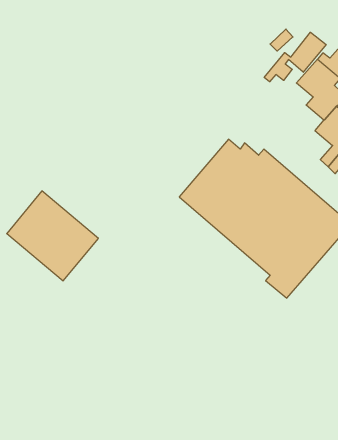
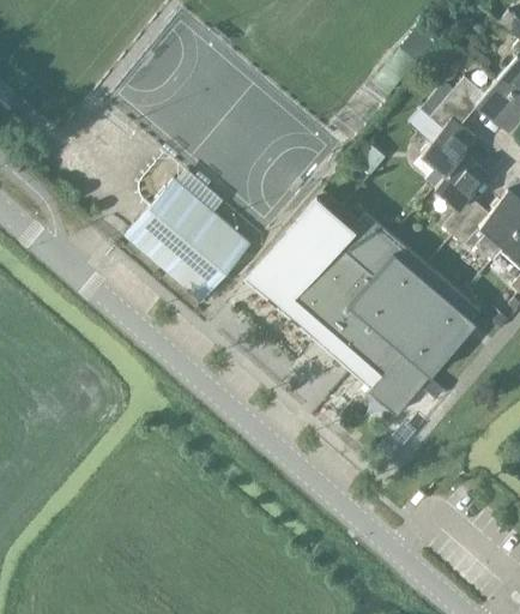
building: [264,32,326,82] -> none
building: [7,191,98,281] -> [126,180,250,302]

